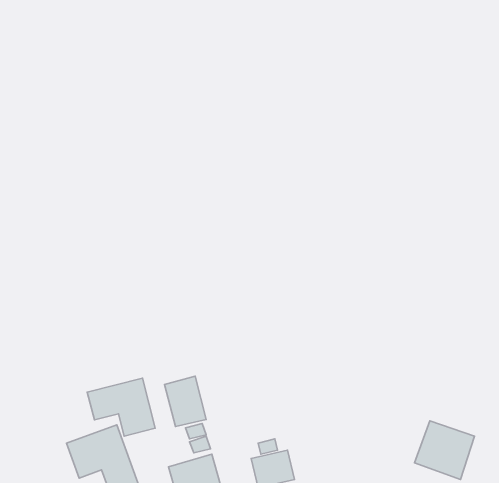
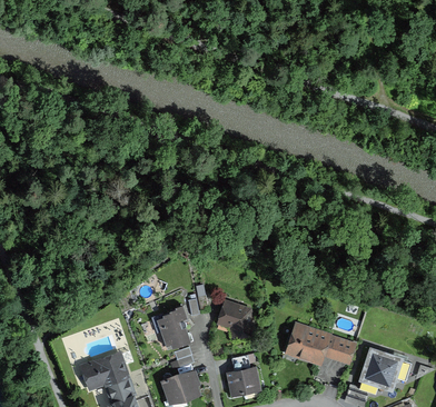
building: none -> [217,298,257,341]
building: [87,378,155,436] -> none
building: none -> [283,320,357,367]

